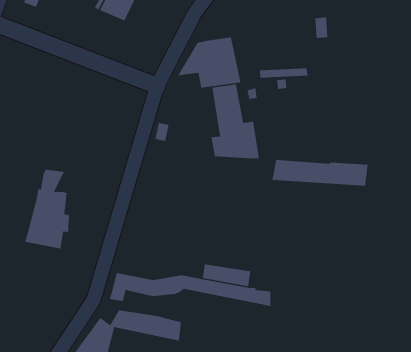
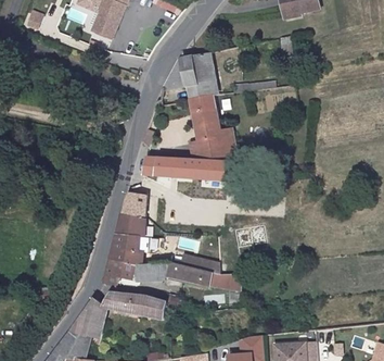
building: [272,159,368,187] -> [142,157,227,180]
building: [24,169,70,250] -> [108,196,149,266]

